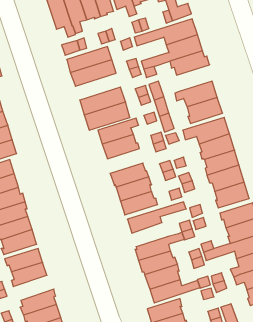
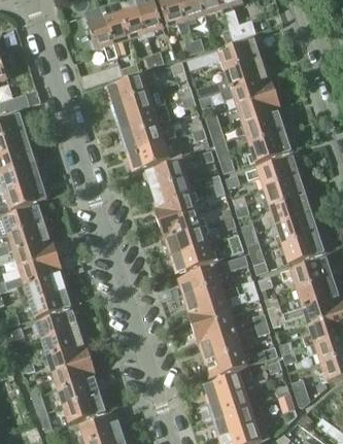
building: none -> [233,93,280,127]
building: none -> [117,103,171,135]
building: none -> [155,193,198,223]
building: none -> [184,281,240,310]
building: none -> [43,344,92,374]

